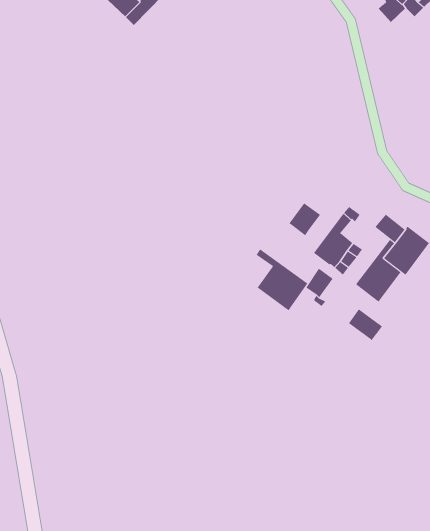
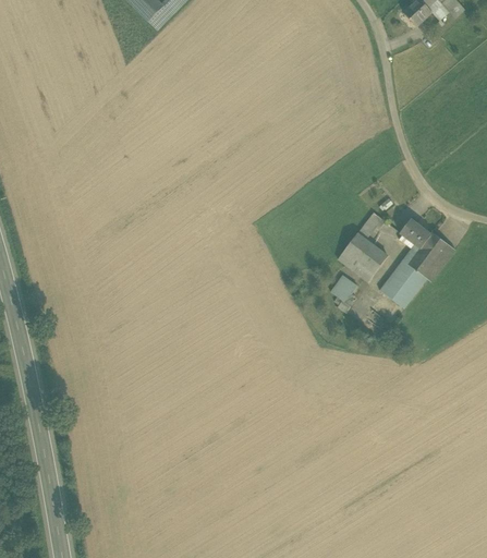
building: [288,202,321,236] -> none
building: [256,249,308,311] -> none
building: [348,308,383,341] -> none

